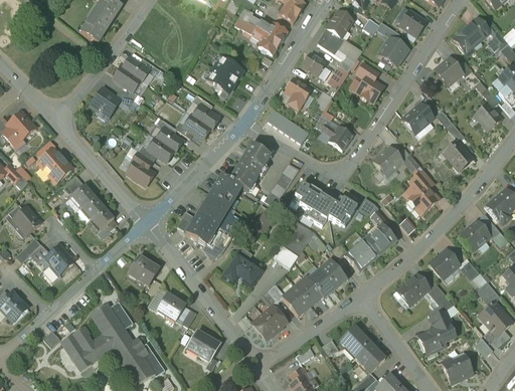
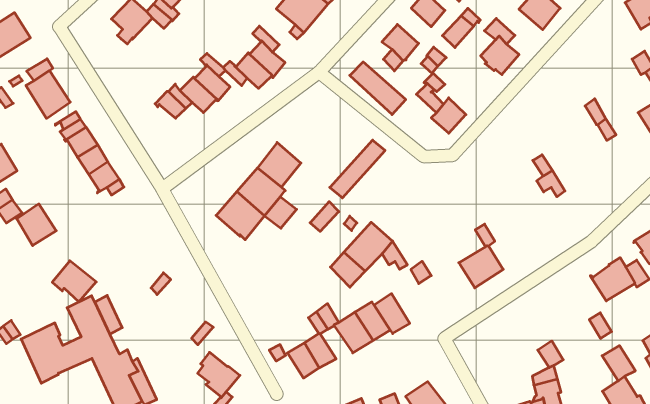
building: [434,57,463,85] -> none
building: [401,102,434,134] -> none
building: [439,139,475,172] -> none
building: [228,144,271,191] -> none
building: [372,146,403,177] -> none
building: [126,161,154,186] -> none
building: [294,181,355,224] -> none
building: [405,181,437,213] -> none
building: [345,241,377,271] -> none
building: [428,248,460,278] -> none
building: [222,255,261,285] -> none
building: [128,256,159,284] -> [52,261,96,302]
building: [319,260,346,288] -> none
building: [397,273,430,305] -> none
building: [157,294,185,321] -> none

